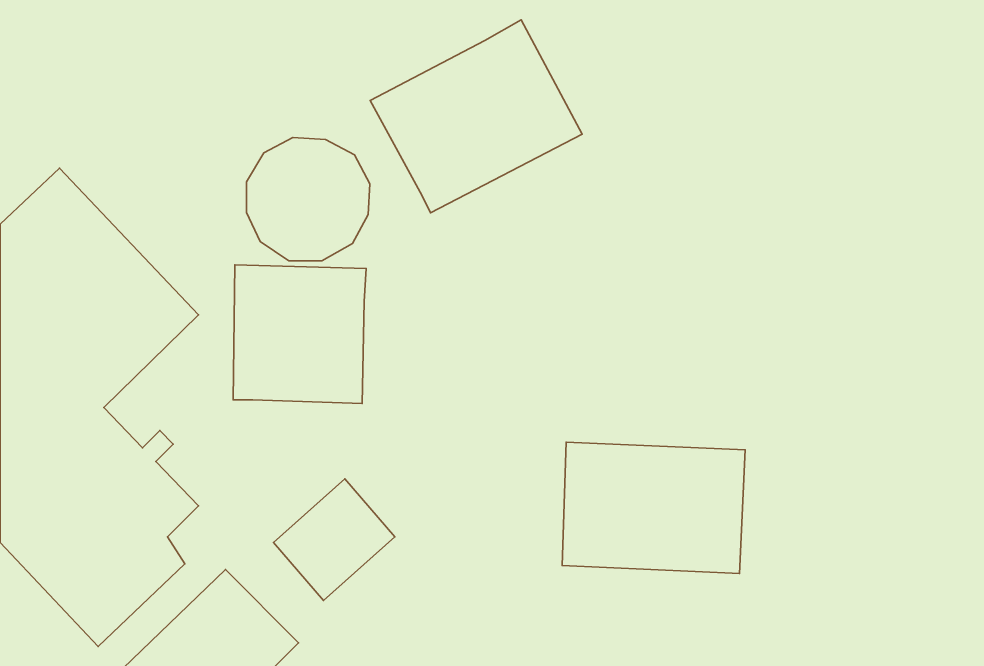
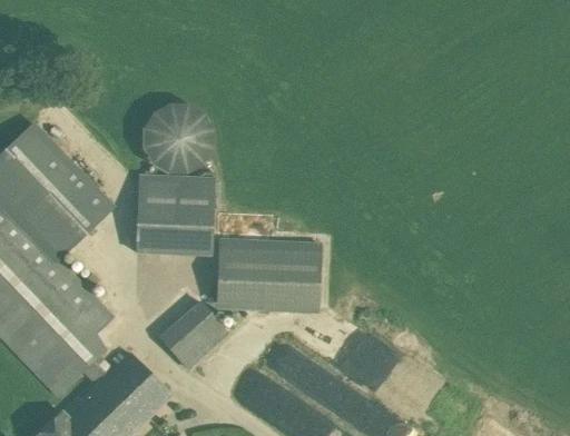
building: [370,20,582,213] -> none
building: [562,442,745,573] -> [216,237,322,313]

